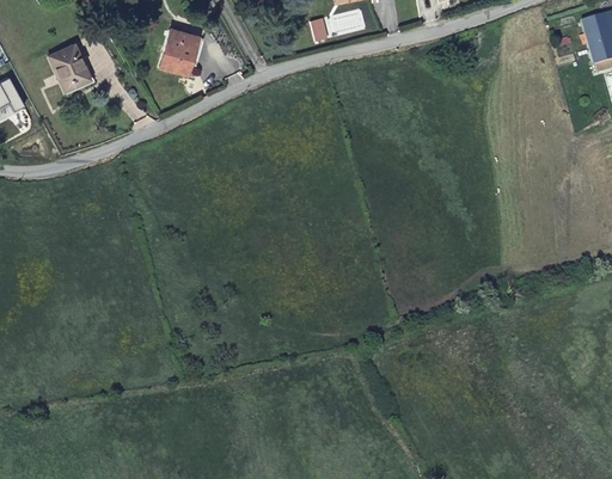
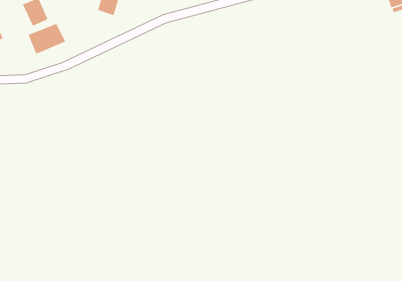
building: none -> [27,23,66,55]

